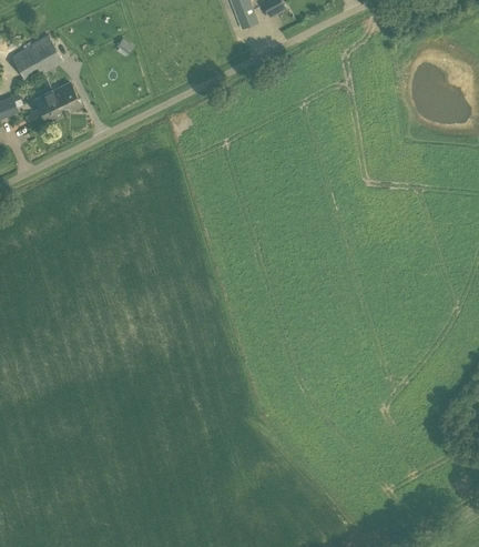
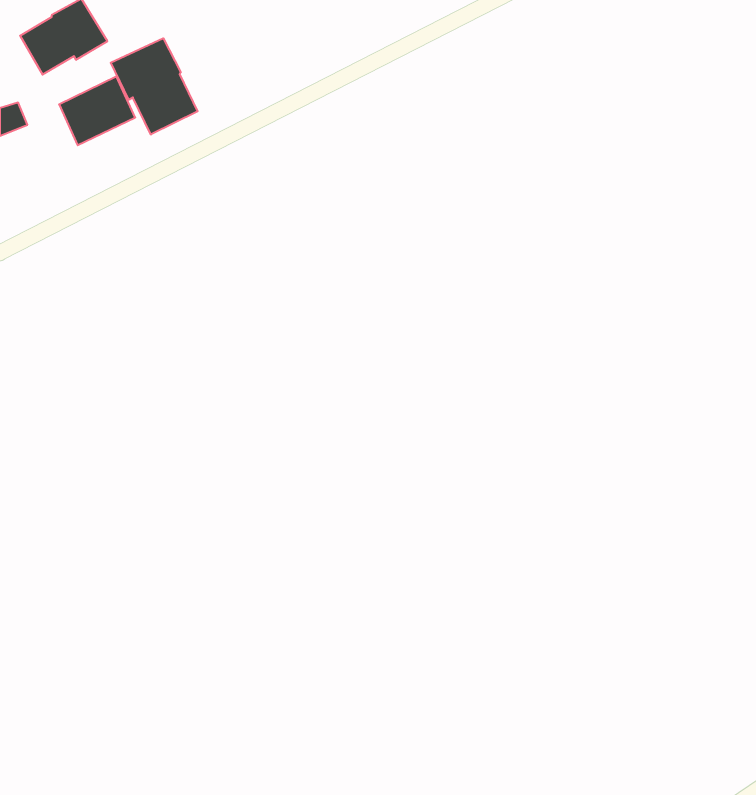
building: none -> [111,38,198,135]

